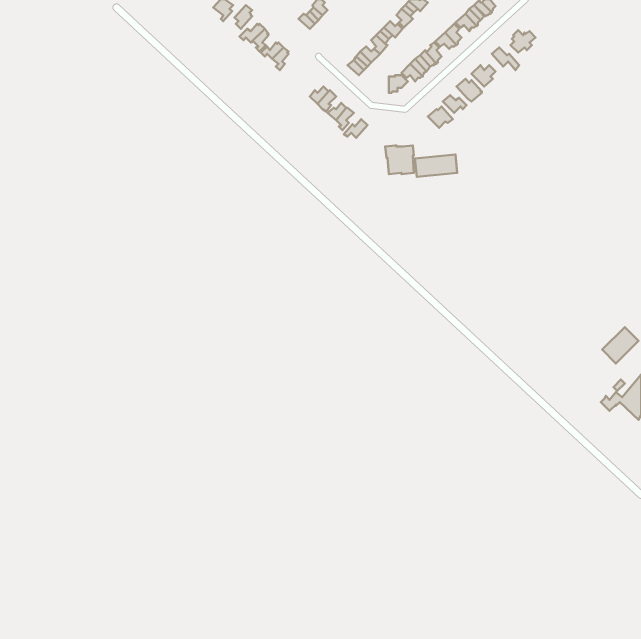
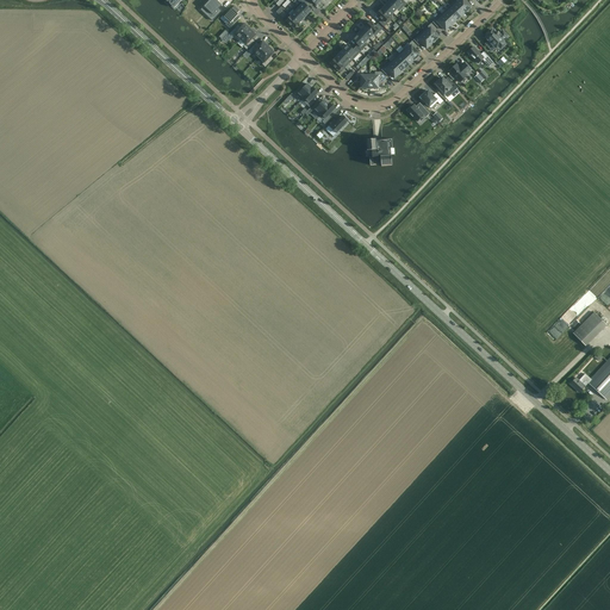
building: [415,154,457,177] -> none

